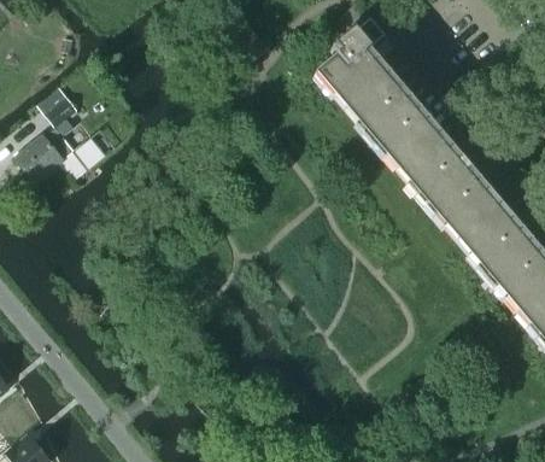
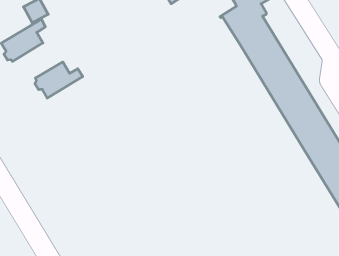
building: none -> [35,62,83,98]

